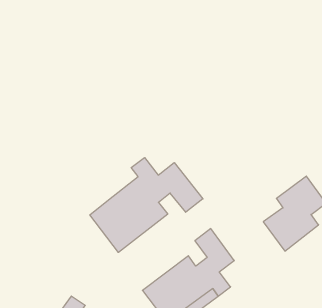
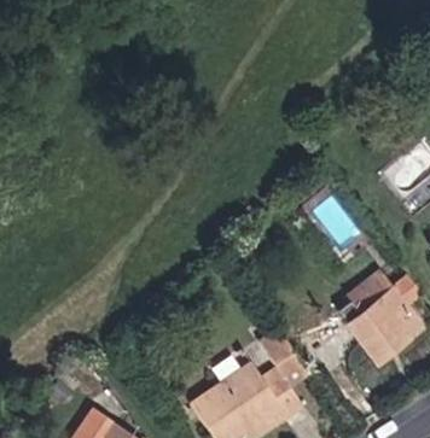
building: [90,158,203,252] -> none

